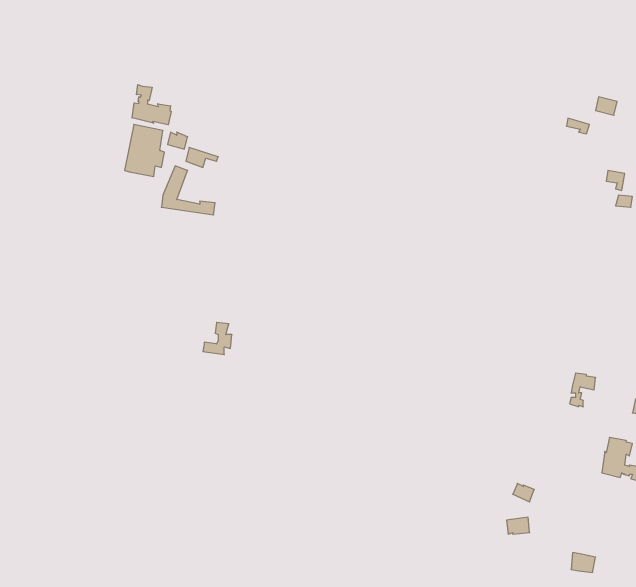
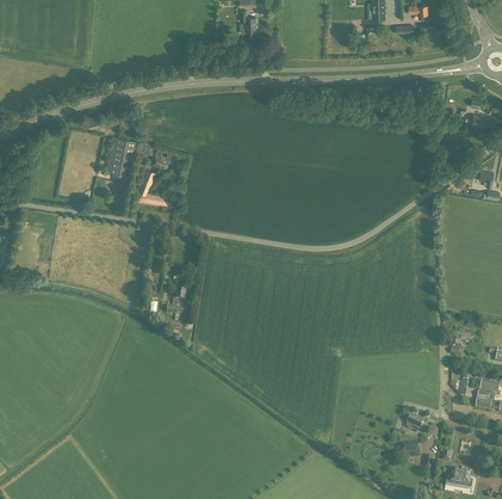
building: [132,85,171,125] -> none

